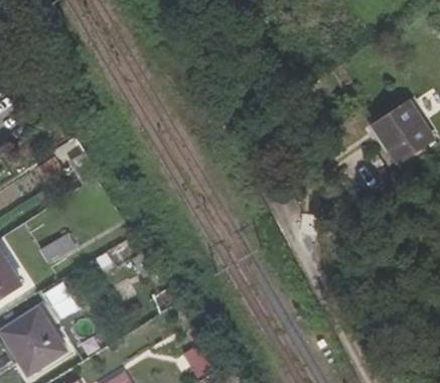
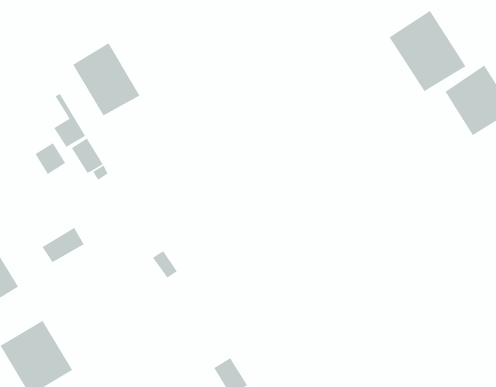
building: none -> [389,10,466,92]
building: none -> [72,42,141,116]

